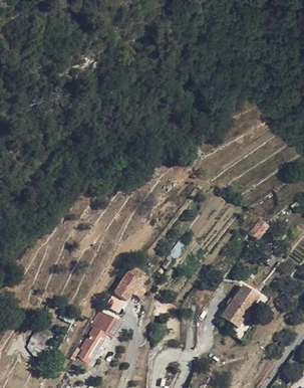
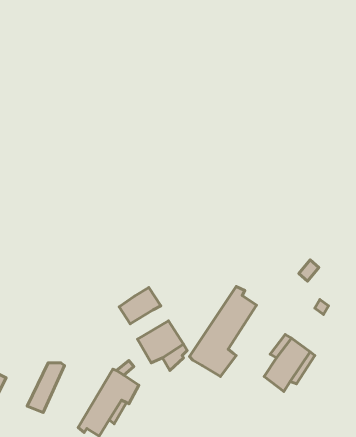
building: none -> [190,286,257,377]
building: none -> [119,288,161,324]

